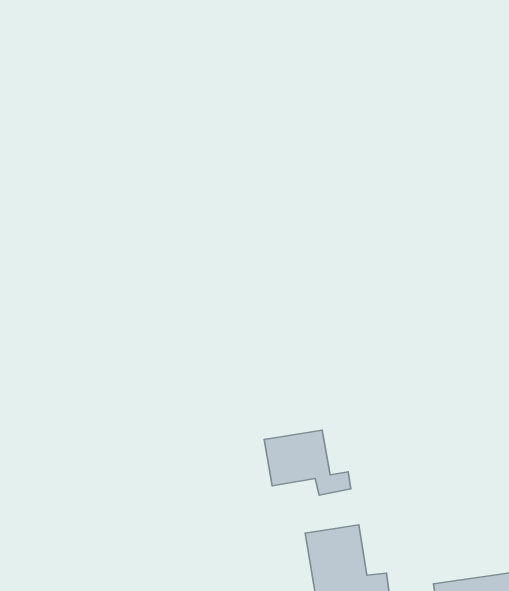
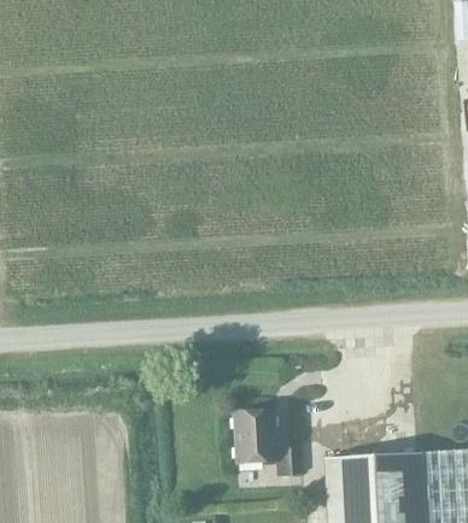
building: [264,430,351,495] -> none

